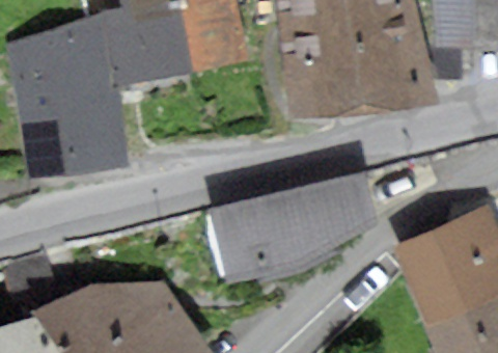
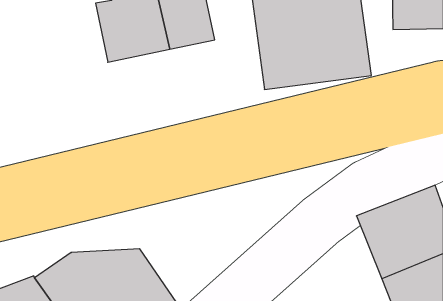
building: [16,18,121,170] -> none
building: [215,181,368,277] -> none

